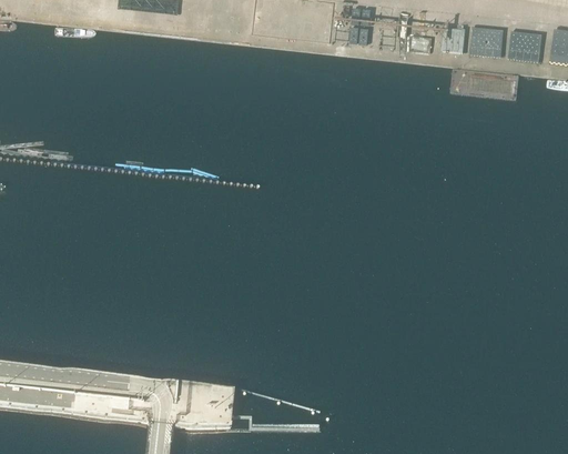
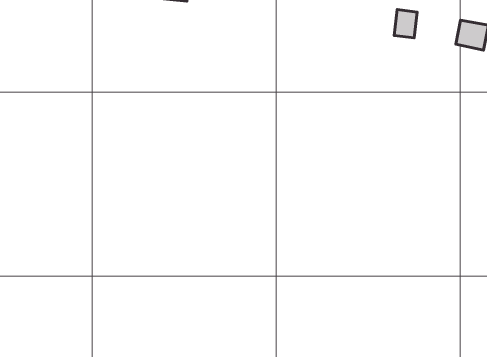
building: [470,28,503,57] -> none

